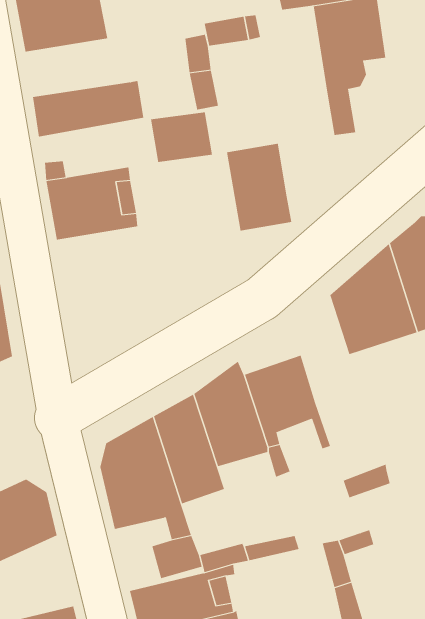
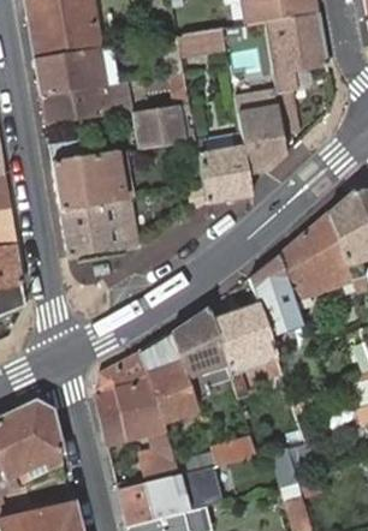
building: none -> [35,44,120,94]
building: none -> [233,90,287,174]
building: none -> [60,197,140,253]
building: none -> [249,253,310,346]

